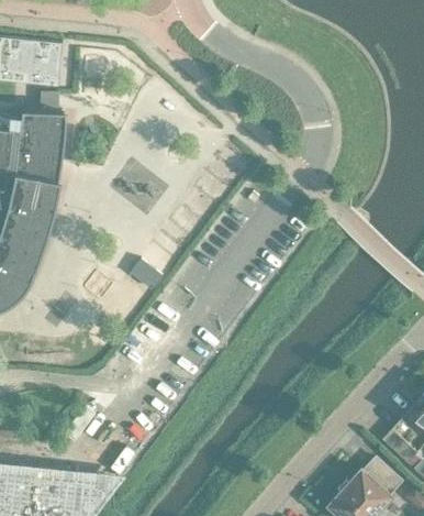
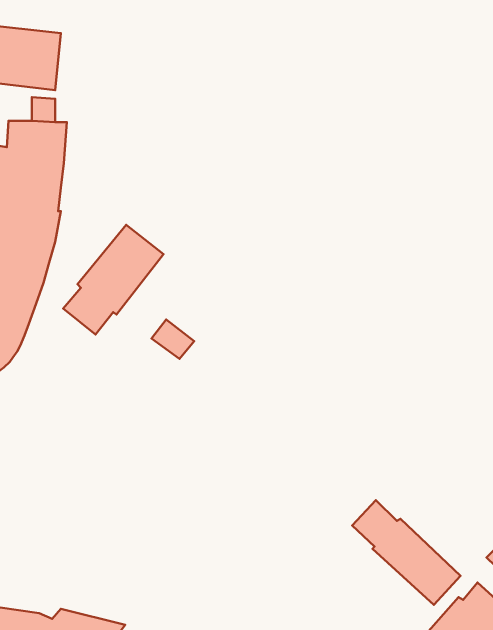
building: none -> [63,225,163,335]
building: none -> [352,500,460,605]

